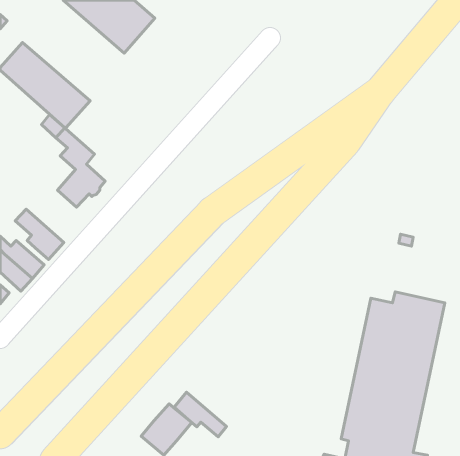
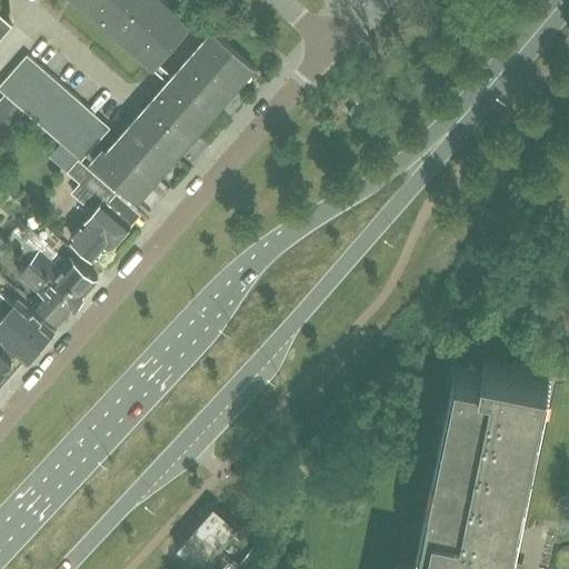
building: none -> [90,33,254,206]
building: none -> [32,254,98,305]
building: [174,392,227,437] -> none

